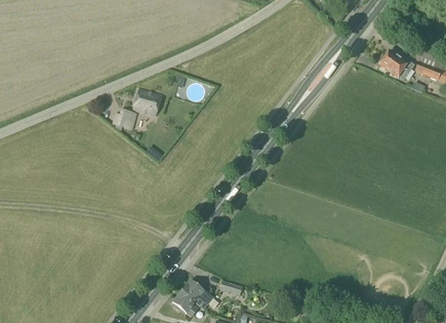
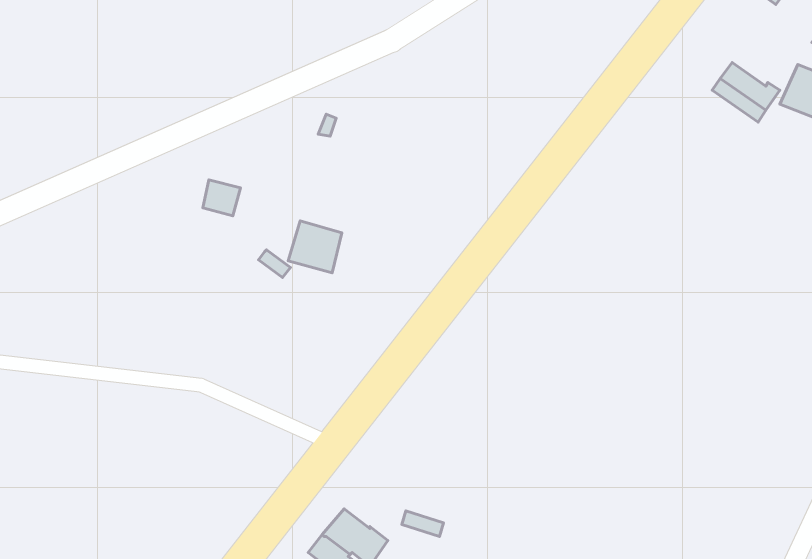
building: [133,89,161,116] -> [288,221,342,273]

